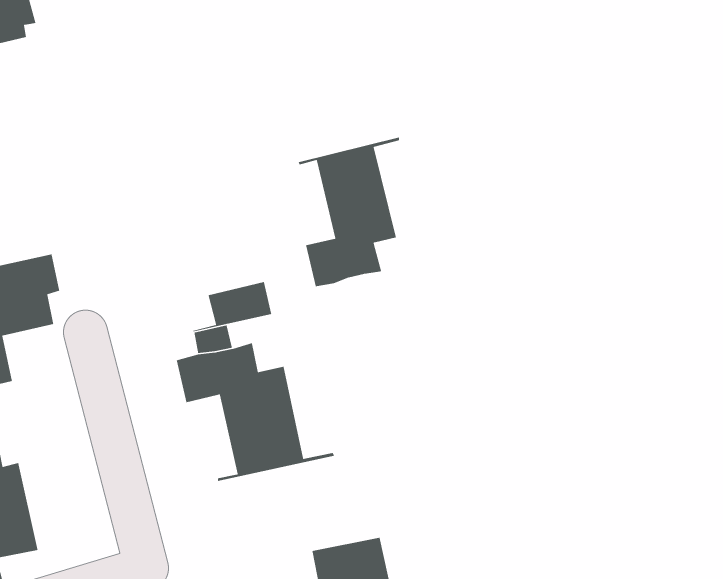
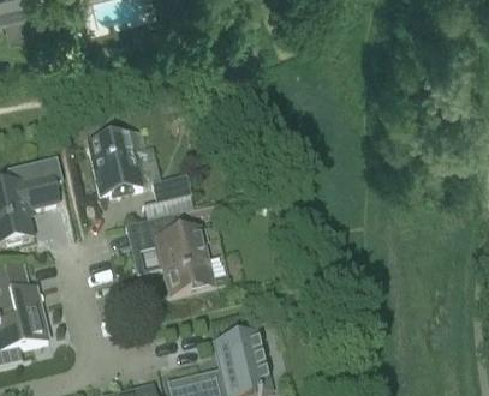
building: [298,137,400,287] -> none
building: none -> [87,127,148,197]

